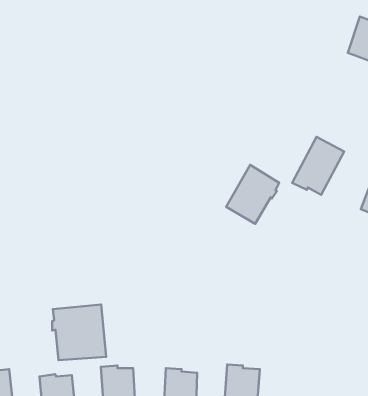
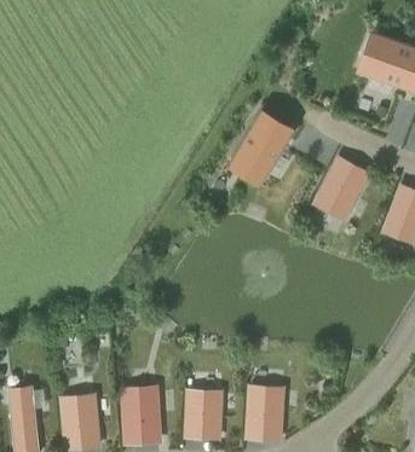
building: [226,165,279,224] -> [237,112,290,172]
building: [52,305,106,360] -> none

